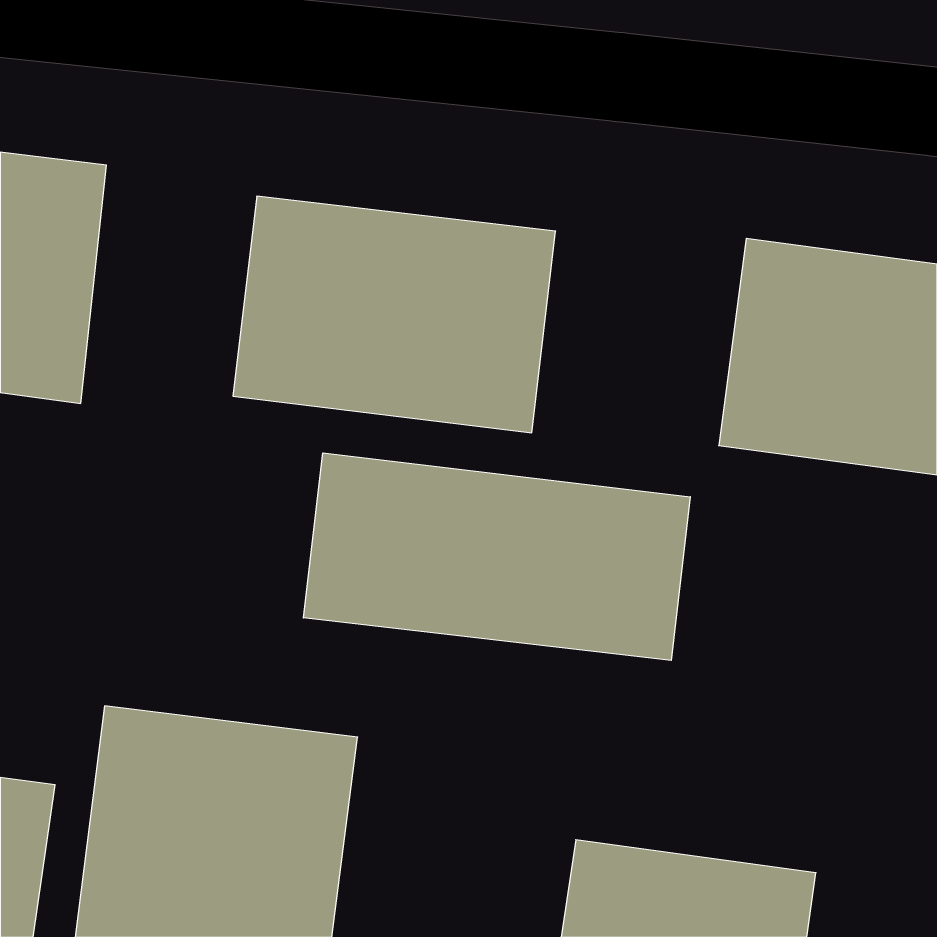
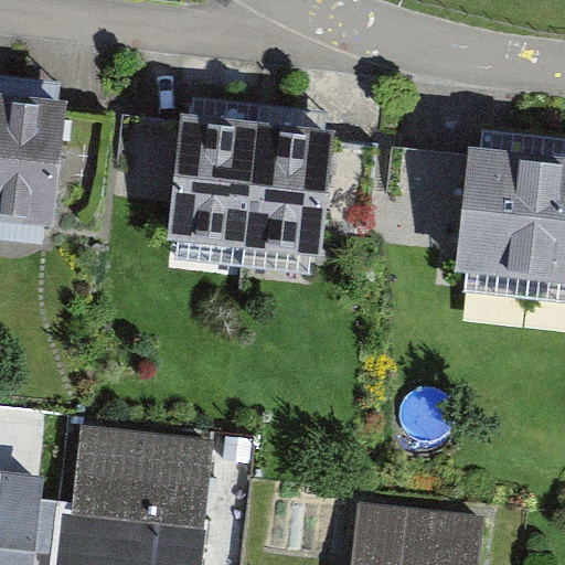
building: [303,453,690,660] -> none

